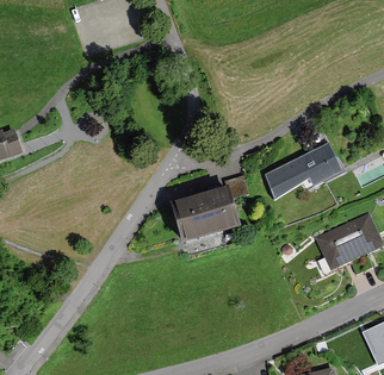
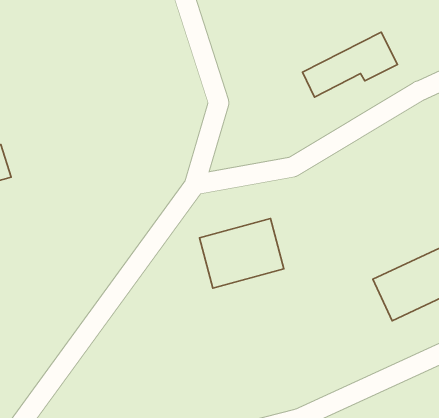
building: [266,143,342,195] -> [303,32,397,97]

